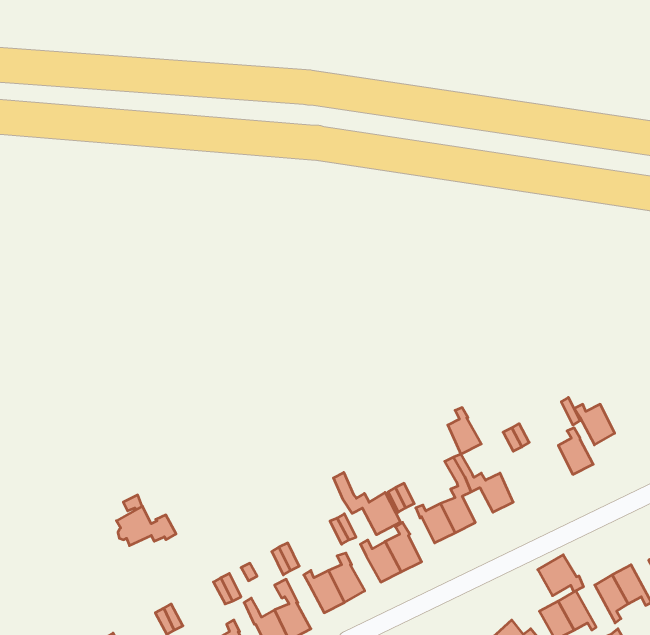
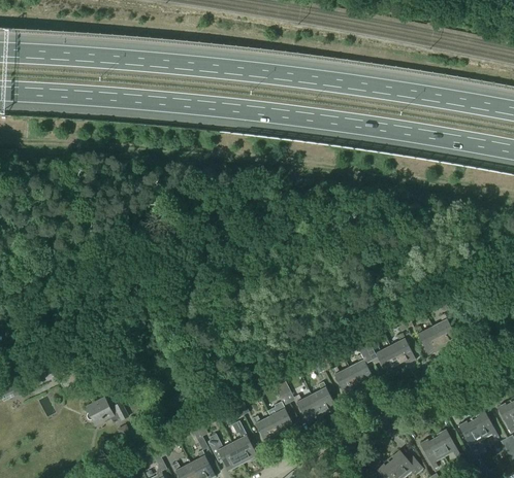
building: [574,404,615,445] -> [414,327,443,355]
building: [448,408,481,454] -> [391,334,415,367]
building: [333,472,401,535] -> none
building: [116,506,176,546] -> [86,398,128,425]
building: [538,555,583,596] -> none

